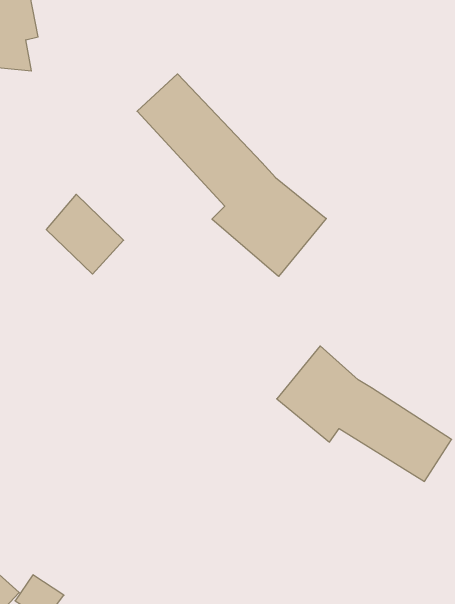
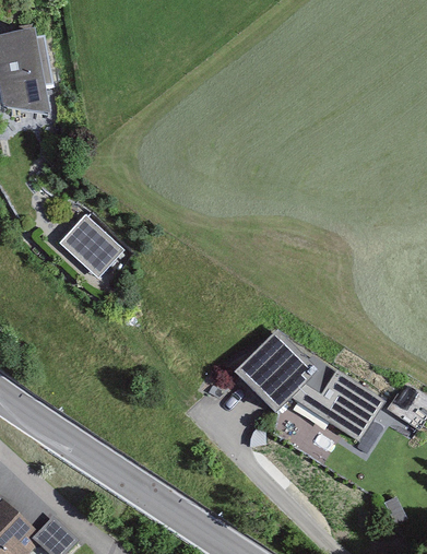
building: [137,74,326,276] -> none

